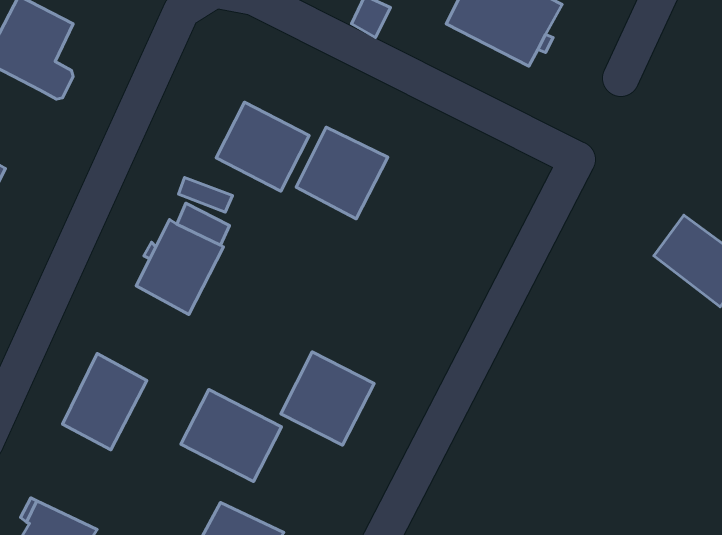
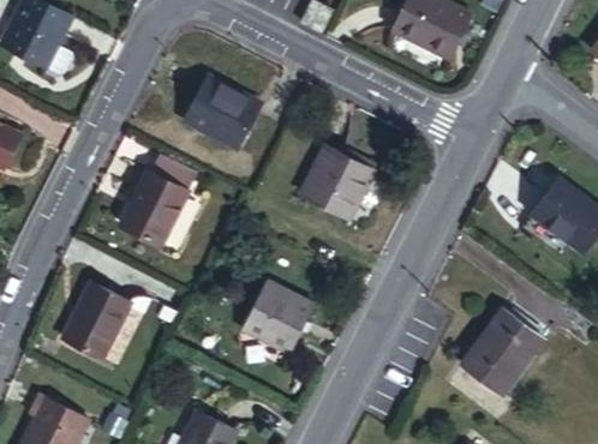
building: [296,127,388,219] -> [298,146,371,220]
building: none -> [464,299,538,377]
building: [181,389,282,481] -> none

